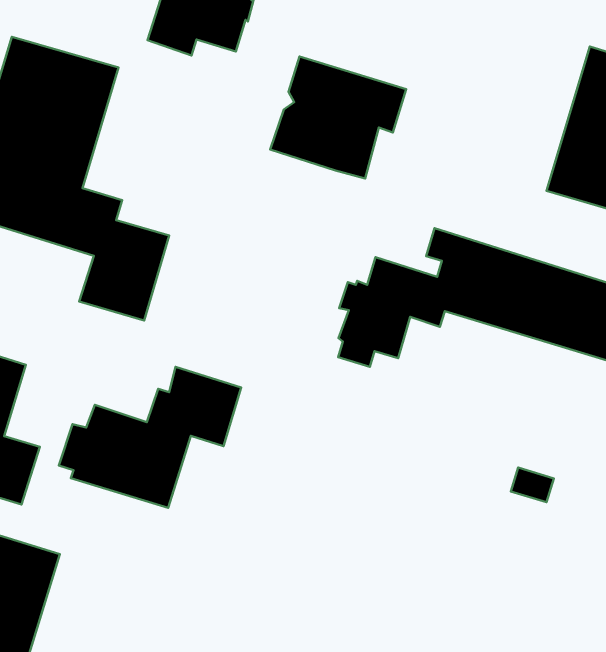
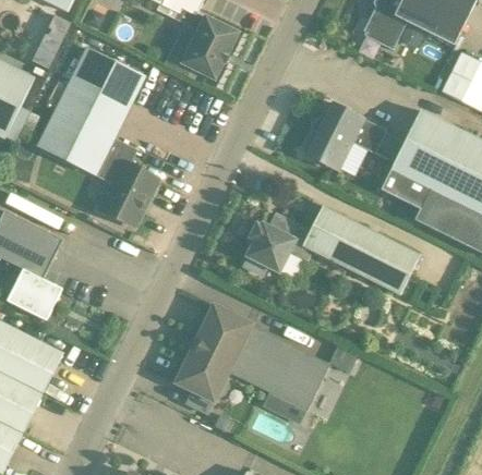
building: [270,56,406,179] -> [301,99,386,176]
building: [59,367,241,508] -> none
building: none -> [173,303,328,412]

